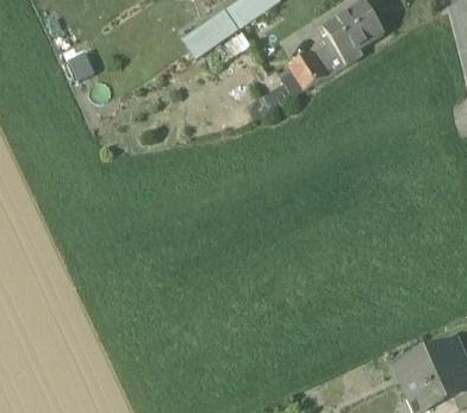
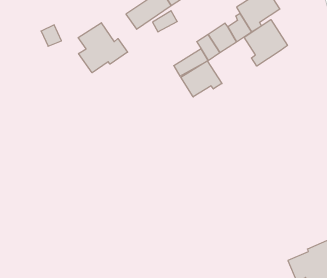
building: none -> [244,20,287,66]
building: none -> [78,23,128,73]
building: none -> [181,61,222,97]

